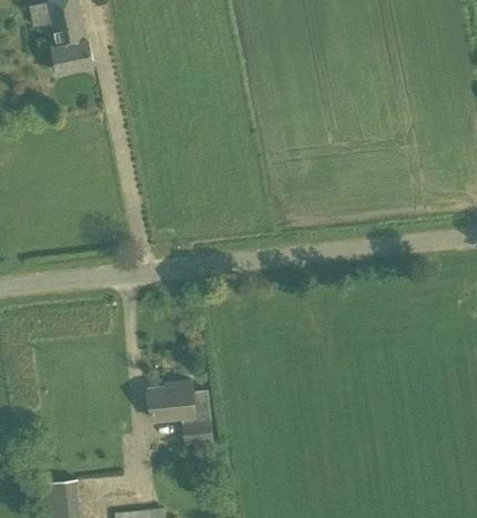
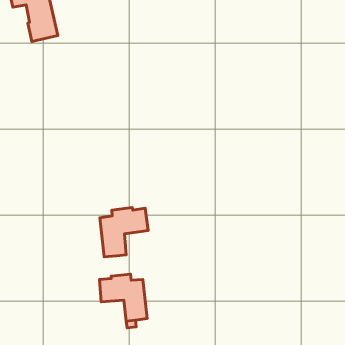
building: none -> [100,208,148,257]

